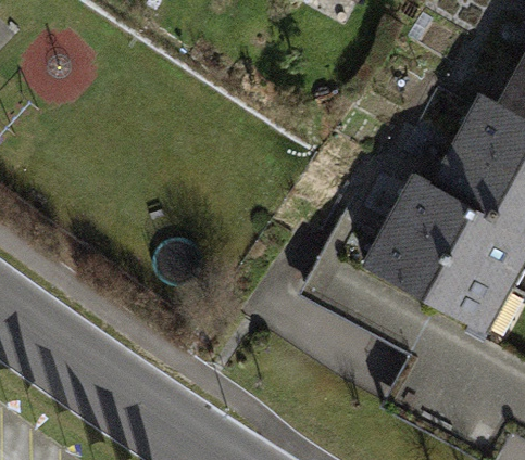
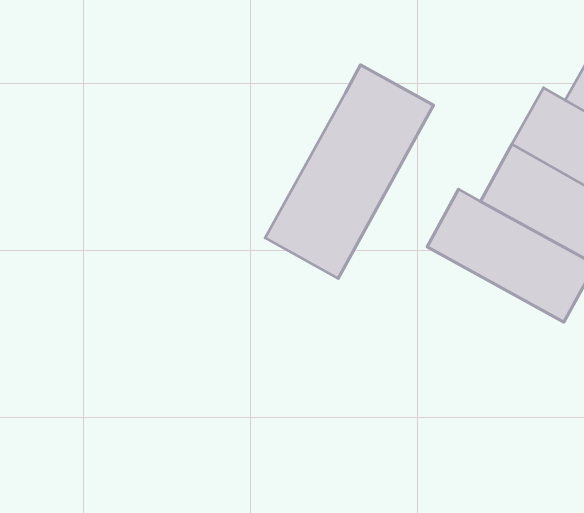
building: none -> [265,65,434,278]
building: [366,222,500,328] -> none

